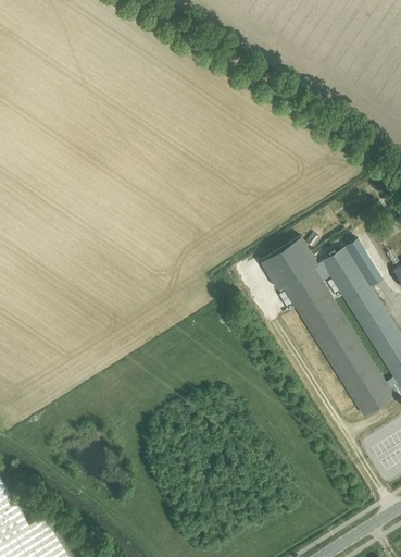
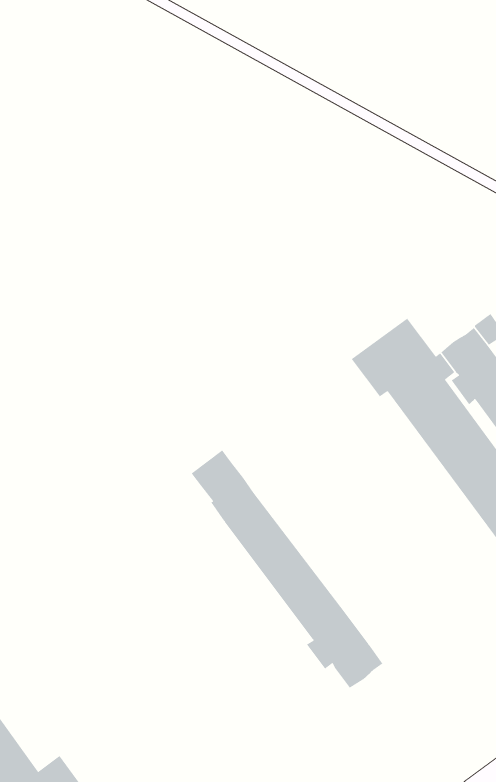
building: none -> [191,450,383,688]

